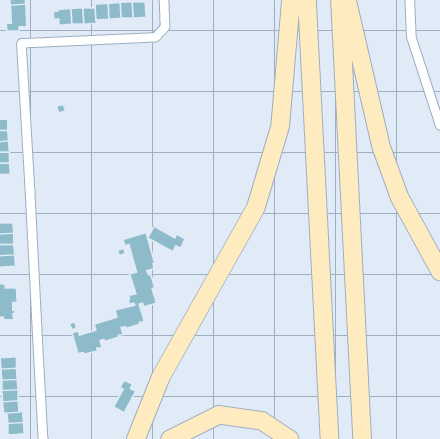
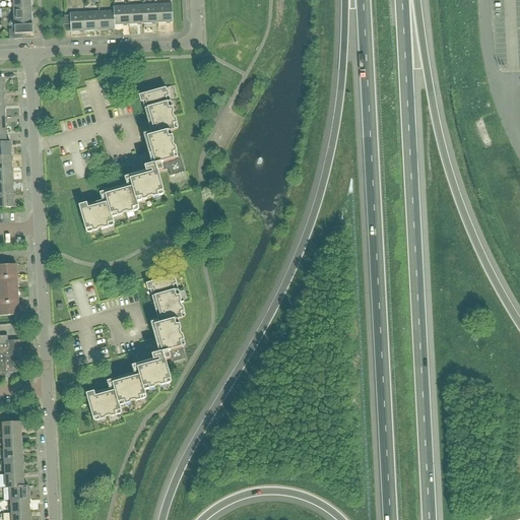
building: none -> [77,85,183,229]
building: [148,226,185,252] -> none
building: [114,380,136,413] -> none

